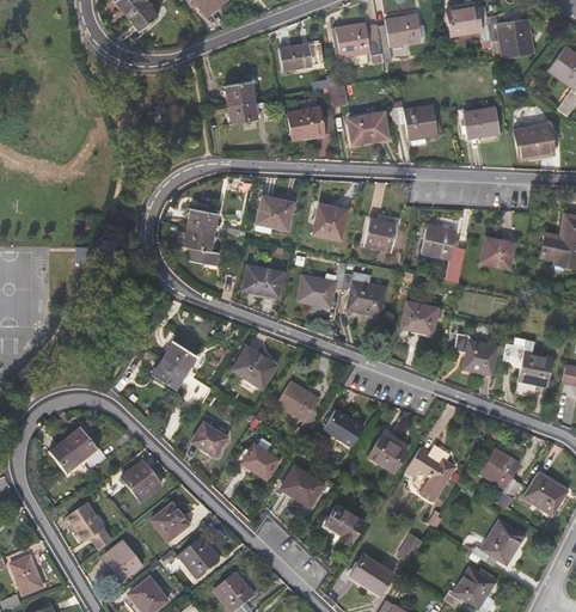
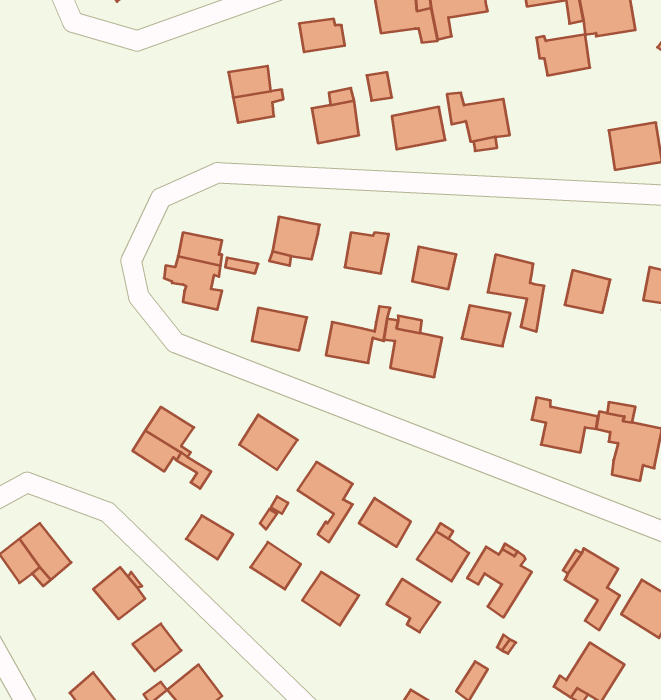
building: [459,106,500,137] -> [536,35,590,75]
building: [402,301,439,332] -> [462,305,510,346]
building: [67,502,114,549] -> none
building: [325,503,366,544] -> [387,579,440,632]

